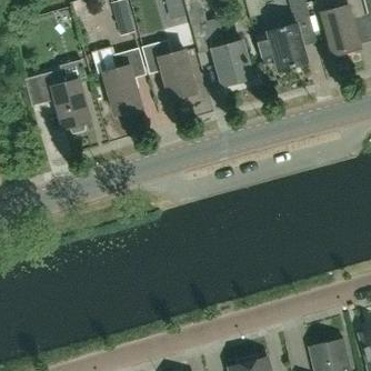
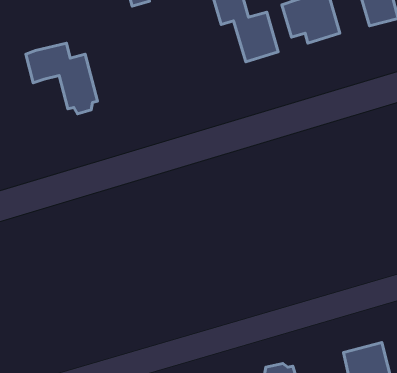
building: [143,40,195,100] -> none
building: [103,49,144,114] -> none

